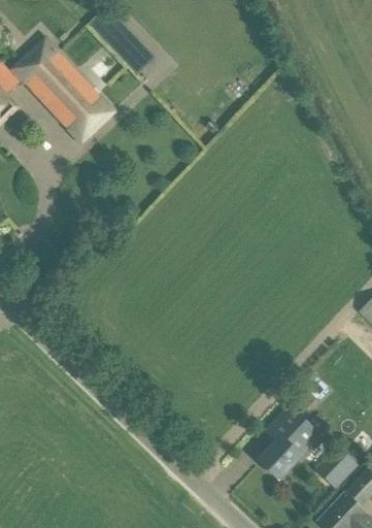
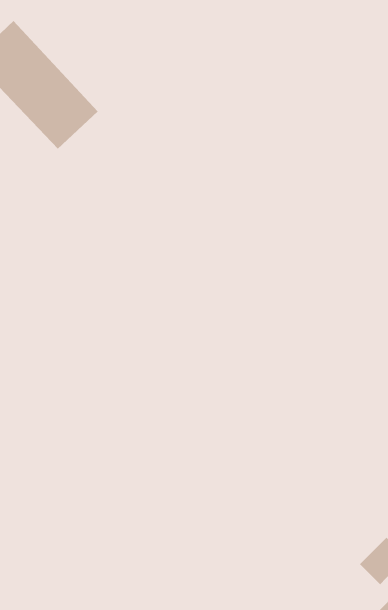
building: [259,408,317,478] -> none

